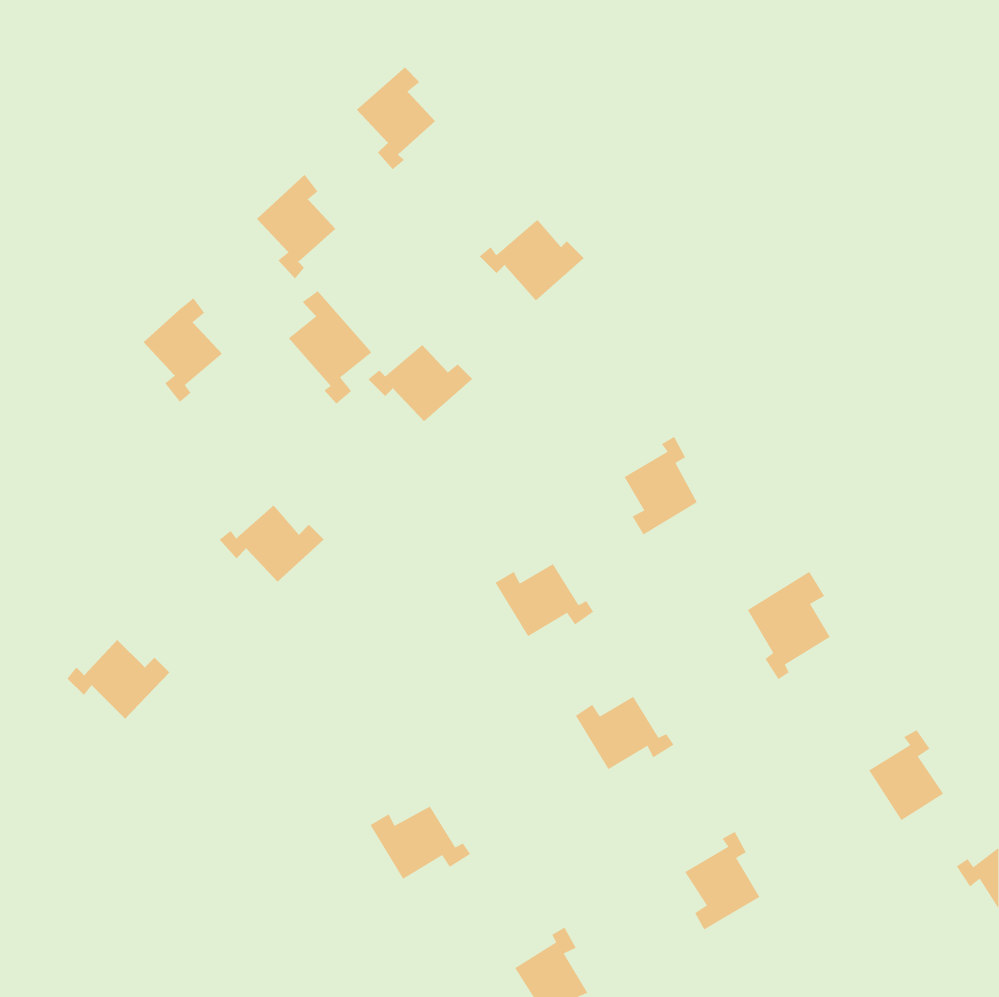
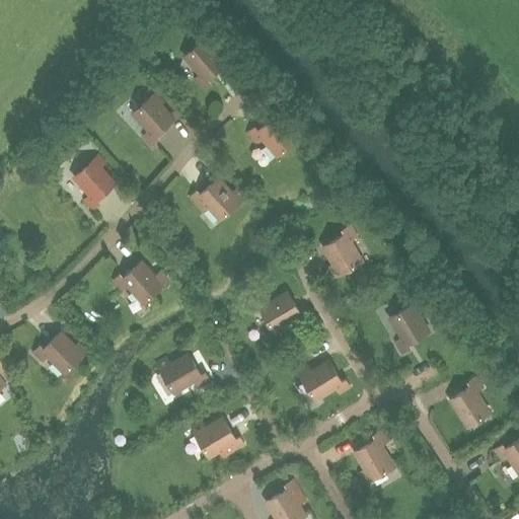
building: [288,290,372,405] -> none
building: none -> [157,355,209,393]

